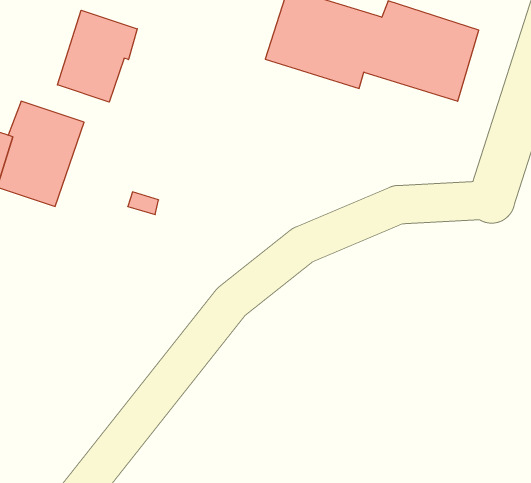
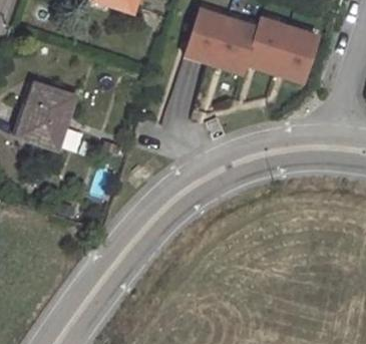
building: [57,10,137,102] -> none

